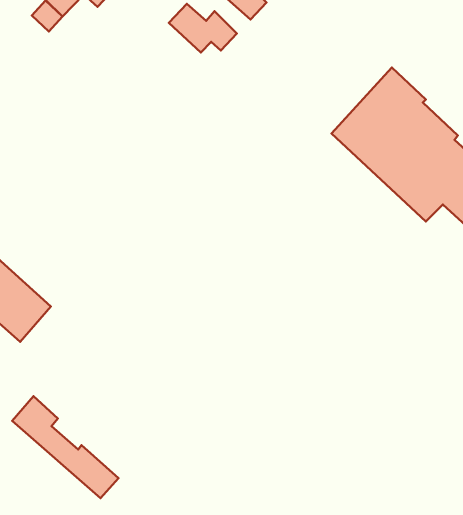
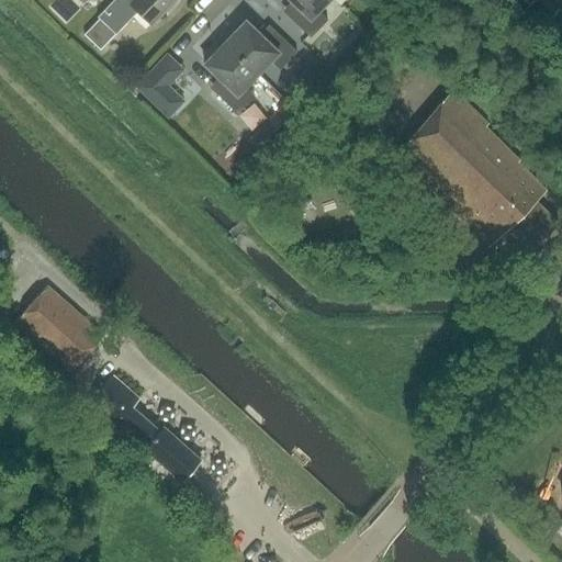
building: none -> [203,41,258,114]
building: none -> [139,48,193,116]
building: [12,396,119,498] -> [91,374,201,480]

